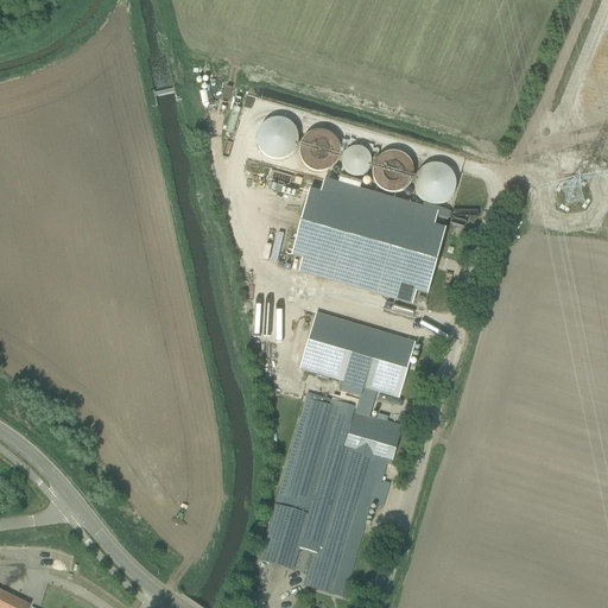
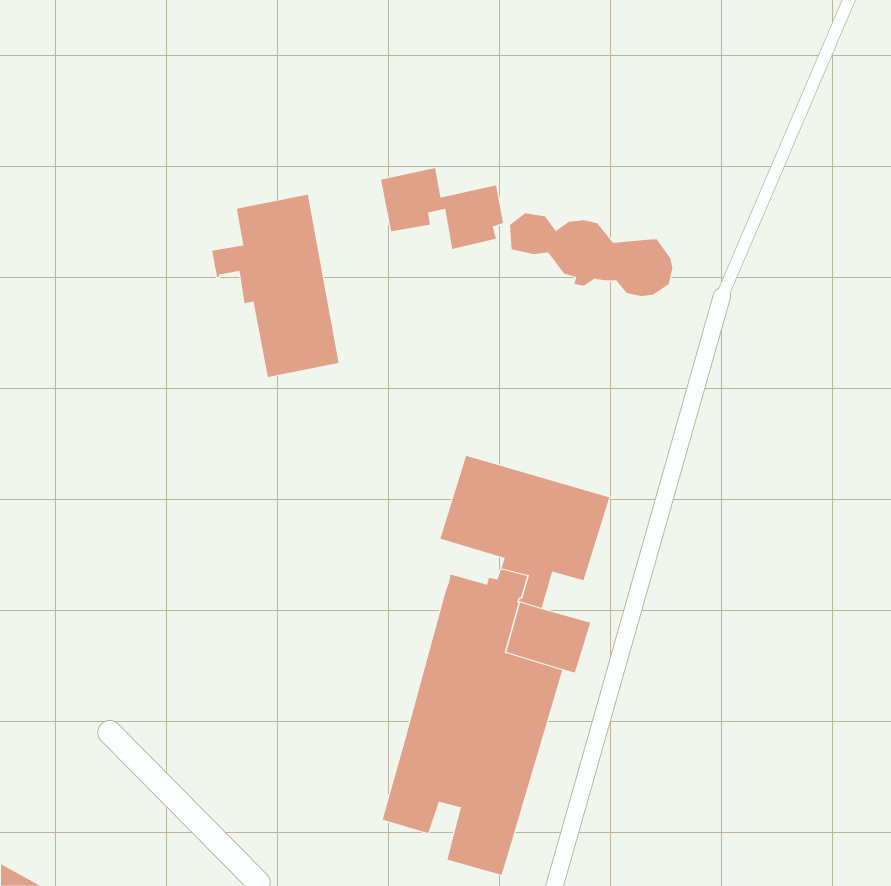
building: none -> [211,194,339,378]
building: [292,177,445,303] -> none

